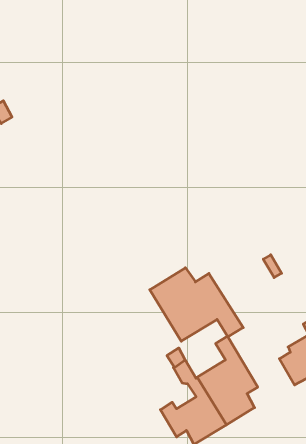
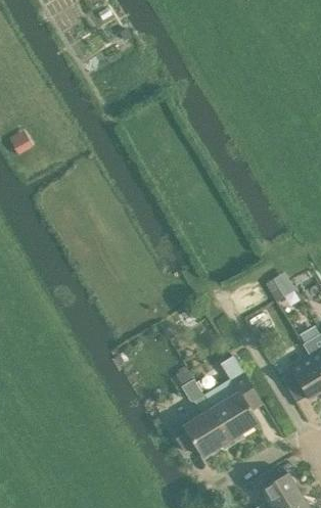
building: [150,268,243,341] -> none

